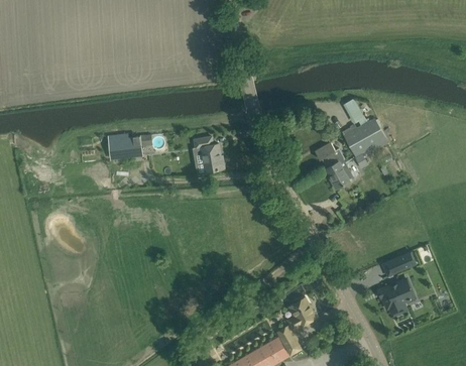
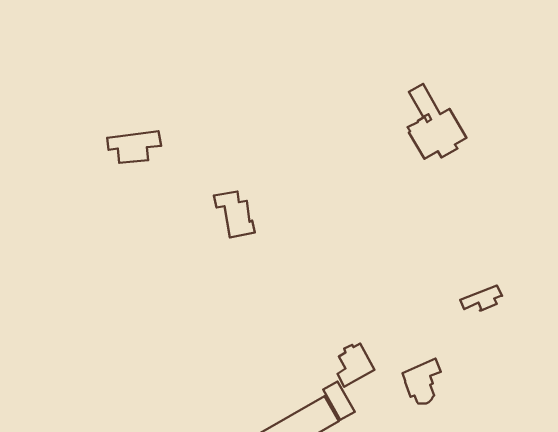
building: [193,137,224,172] -> [214,192,255,238]
building: [314,143,350,190] -> none
building: [380,279,410,314] -> [403,359,441,403]

